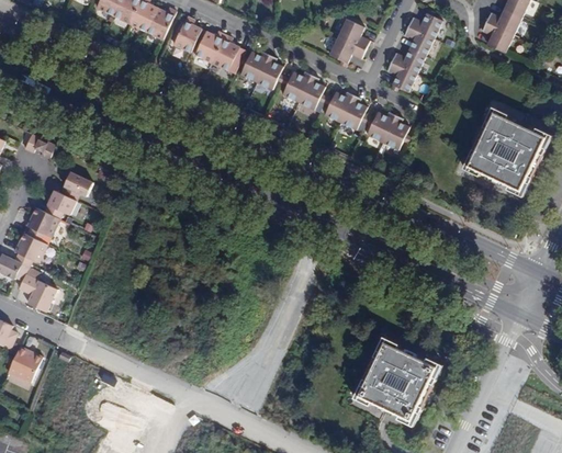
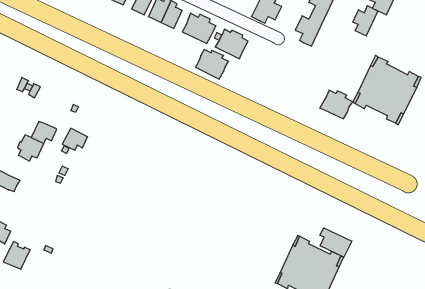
building: none -> [353,6,378,36]
building: [324,91,367,129] -> [196,50,229,79]
building: [366,112,408,149] -> [320,90,353,119]
building: [58,172,91,201] -> [62,128,88,150]
building: [11,234,46,268] -> none
building: [16,274,56,313] -> none
building: none -> [320,228,352,257]

